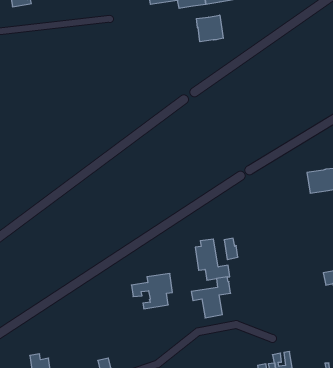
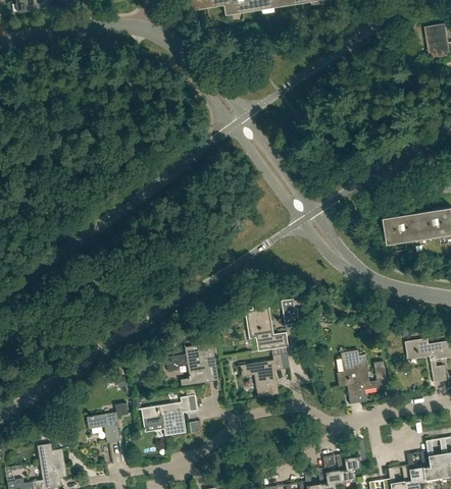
building: [196,15,223,42] -> none
building: none -> [338,349,387,404]
building: none -> [141,395,197,436]
building: none -> [86,403,128,443]

